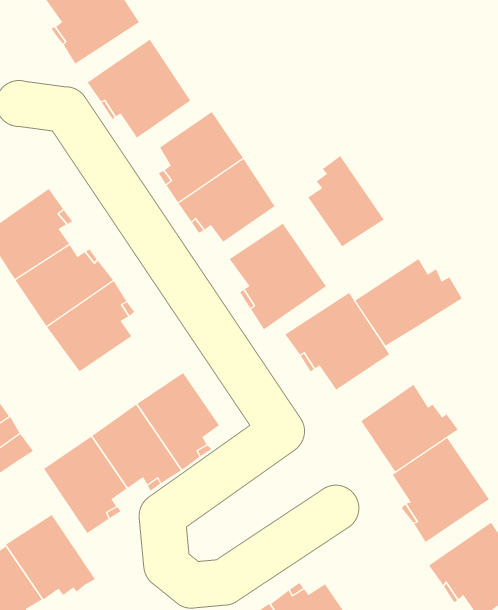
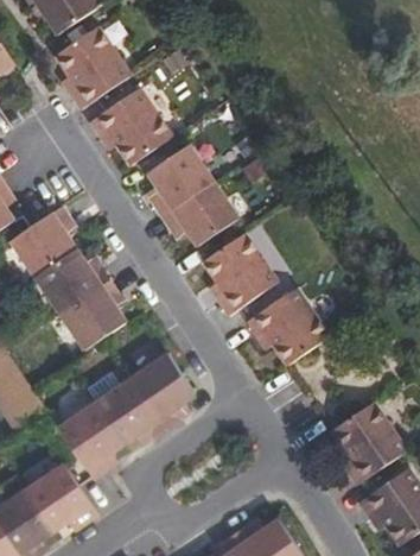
building: [307,155,385,247] -> none
building: [355,258,463,346] -> none
building: [360,384,459,473] -> none

